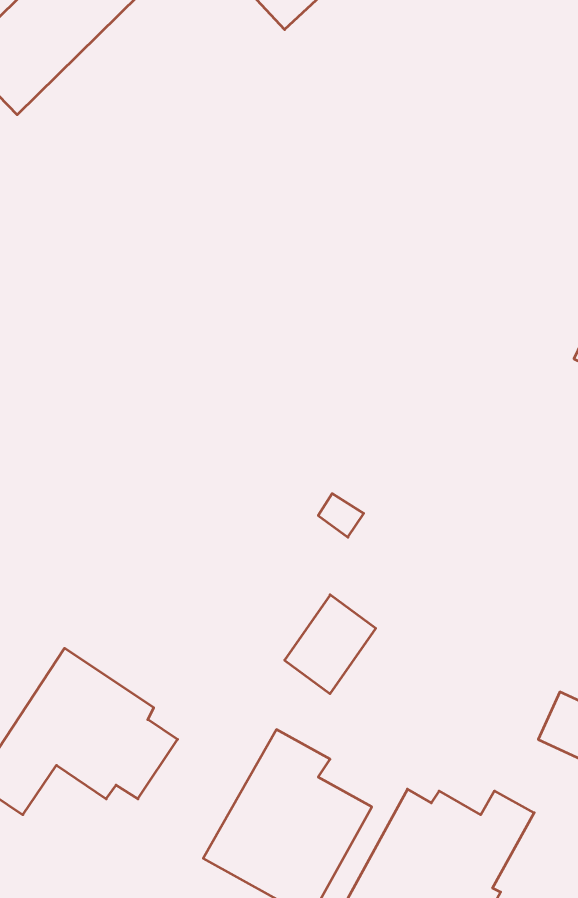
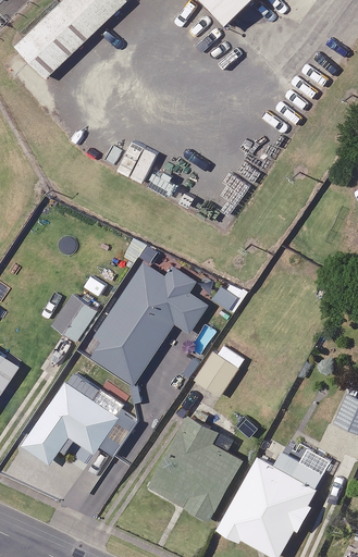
building: none -> [91,263,206,386]
building: none -> [51,294,95,339]

